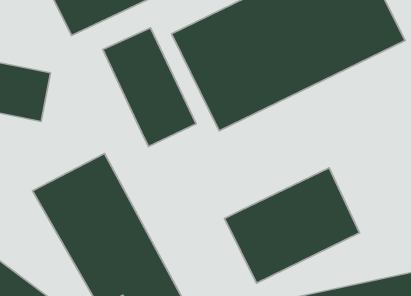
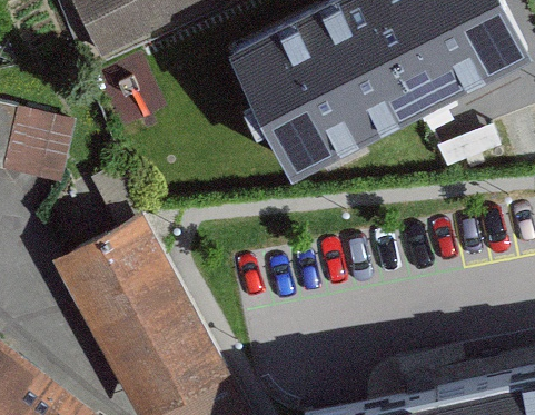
building: [103,28,196,146] -> none
building: [224,168,360,283] -> none

